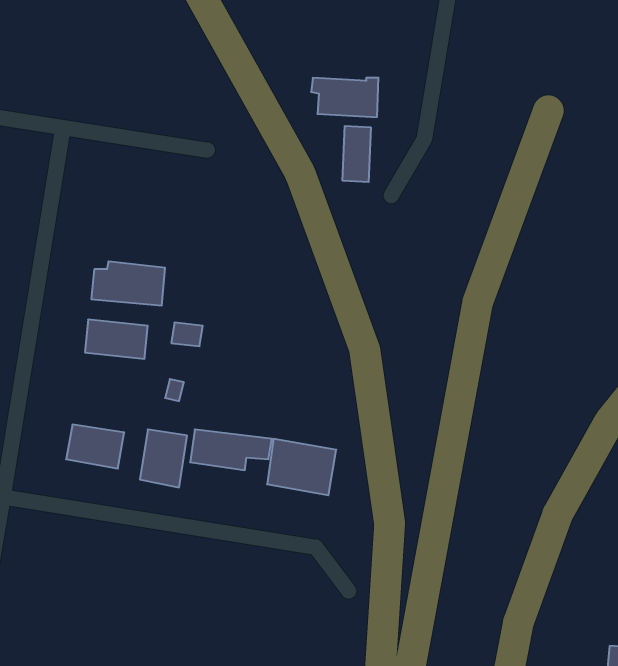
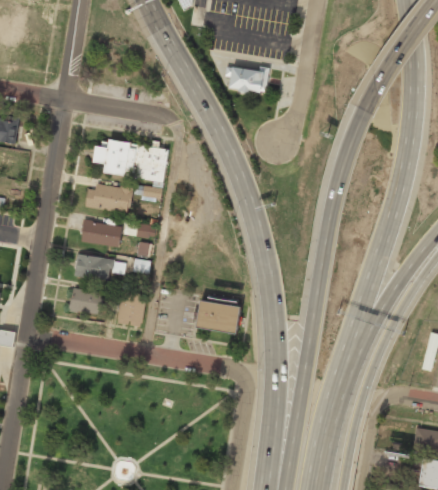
building: [343,126,371,182] -> none
building: none -> [92,140,167,199]
building: [190,429,272,470] -> [73,255,125,281]

